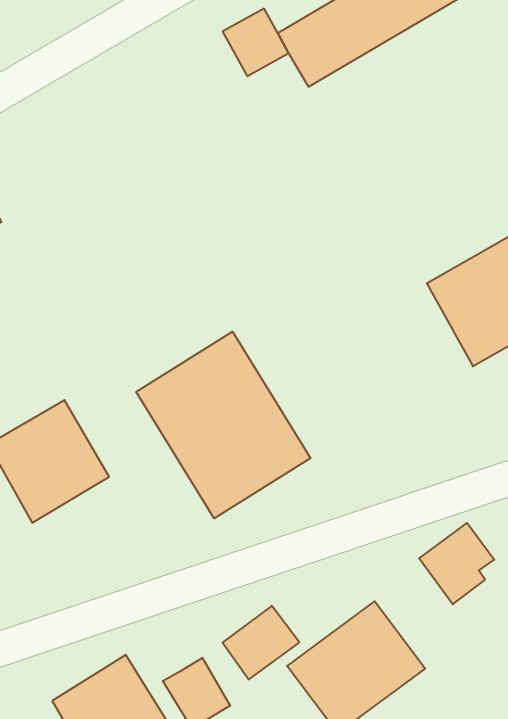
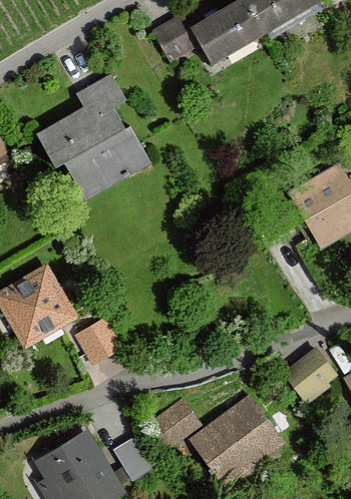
building: none -> [43,78,151,196]
building: [136,332,310,518] -> none
building: none -> [79,321,123,364]

